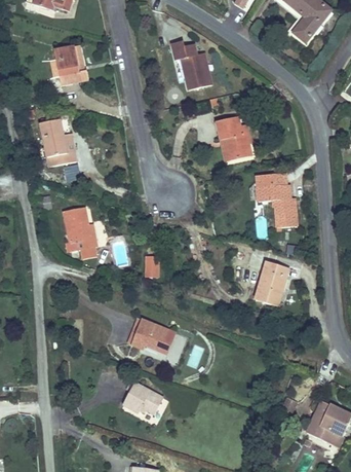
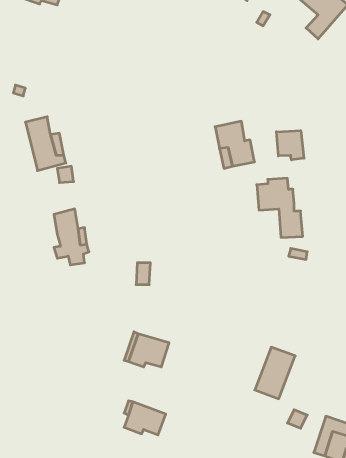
building: [170,40,212,95] -> none
building: [48,41,84,83] -> none
building: none -> [276,131,304,160]
building: [252,263,290,312] -> [255,347,295,399]

